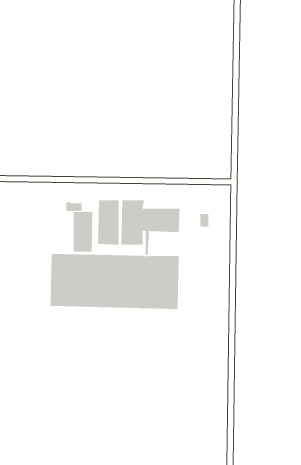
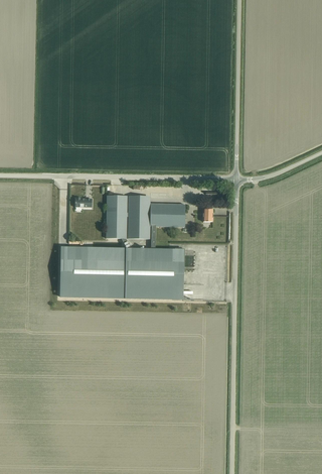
building: [73,211,93,253] -> none

